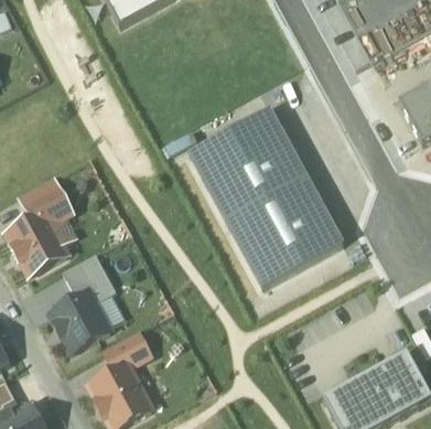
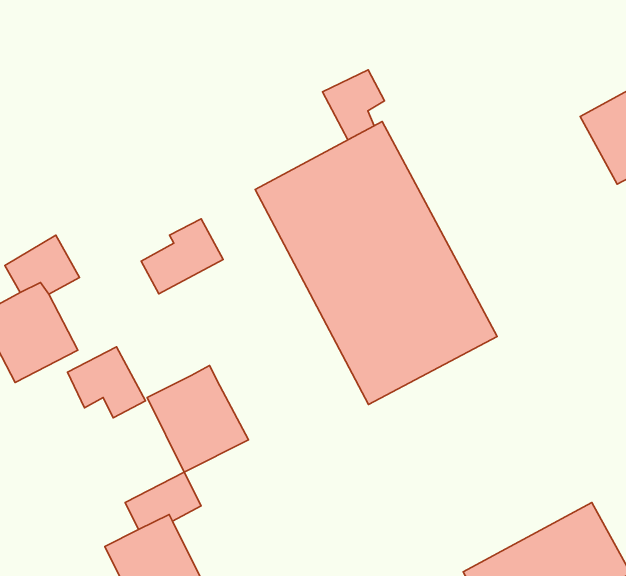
building: none -> [323,70,384,140]
building: none -> [141,219,223,294]
building: [47,285,114,354] -> [147,365,249,472]

